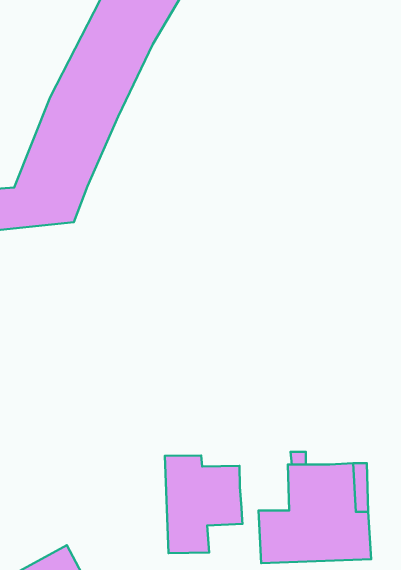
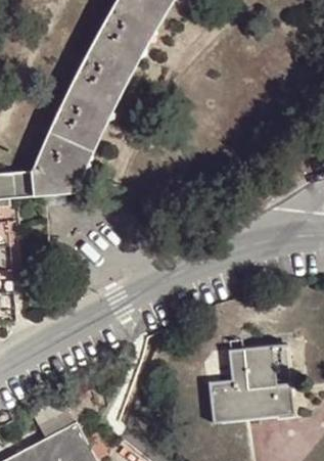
building: [165,455,243,553] -> none

